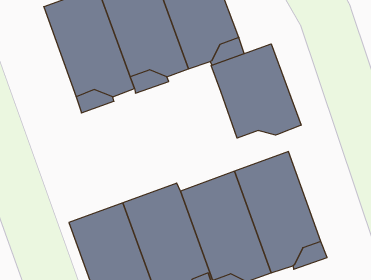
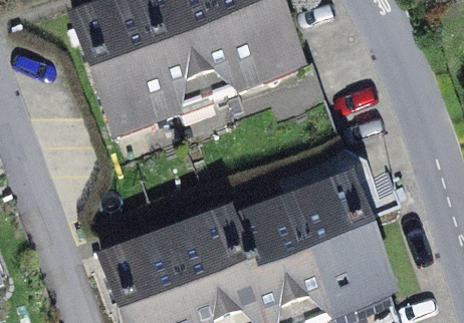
building: [211,44,301,138] -> none

